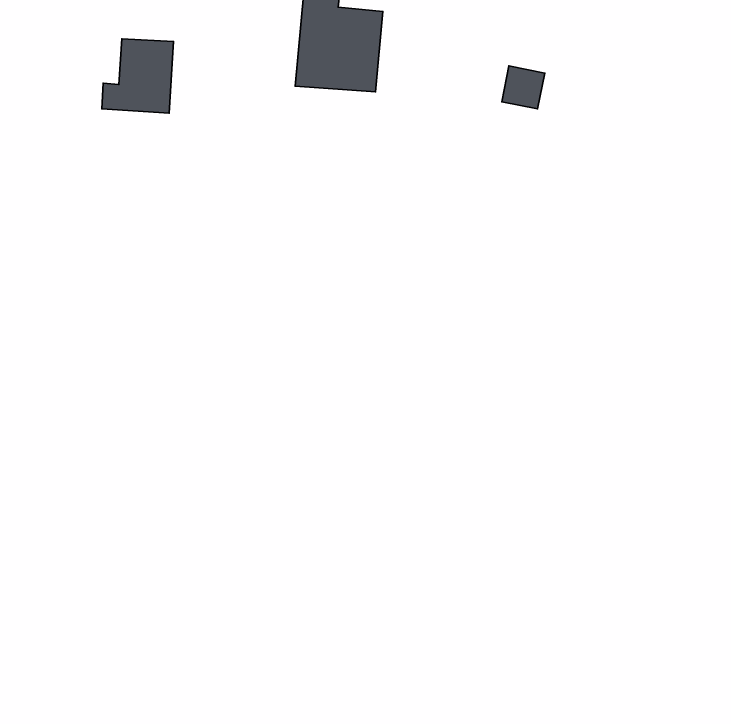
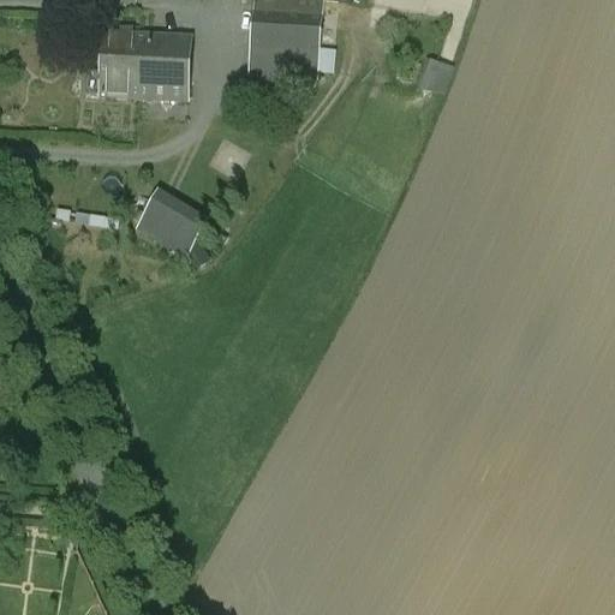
building: none -> [142,35,191,97]
building: none -> [133,187,208,257]

